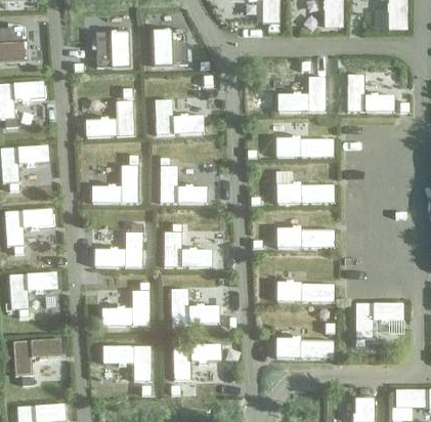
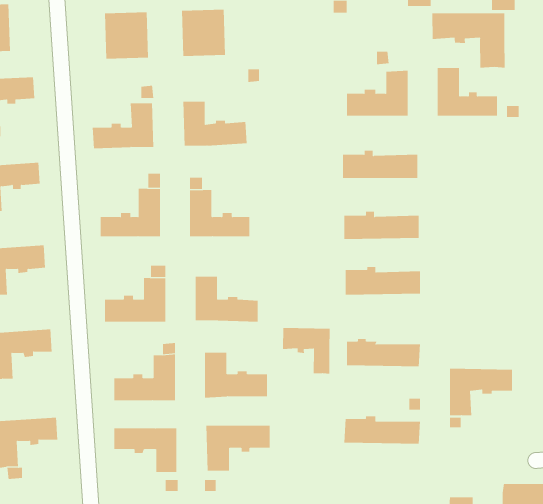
building: none -> [432,13,505,69]
building: none -> [283,327,330,375]

